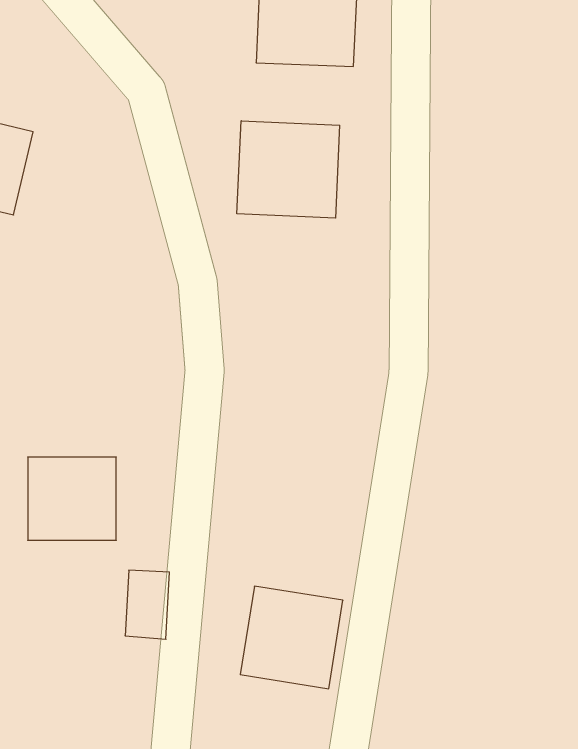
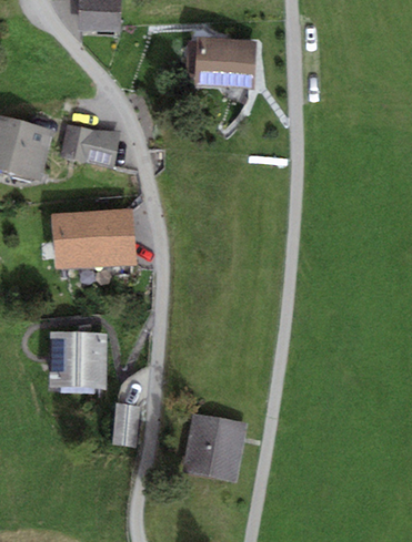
building: [237,121,340,218] -> none
building: none -> [60,125,119,167]
building: none -> [51,209,133,266]

